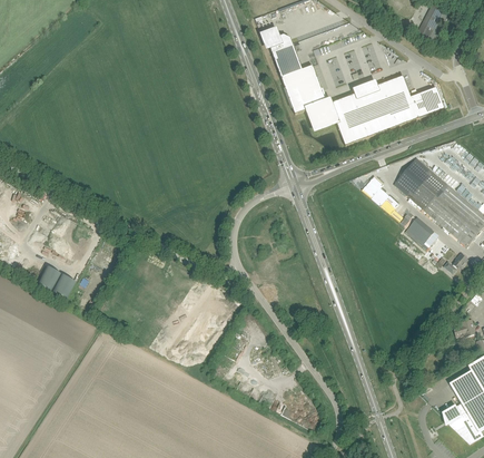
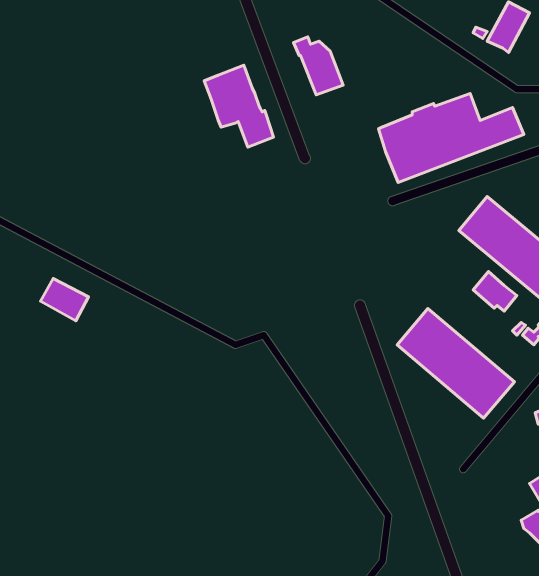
building: [281,64,336,128] -> [204,65,273,147]
building: none -> [397,308,514,418]
building: [38,265,76,299] -> [40,279,89,321]

